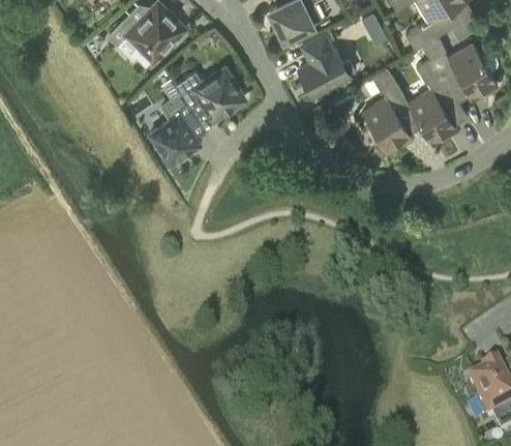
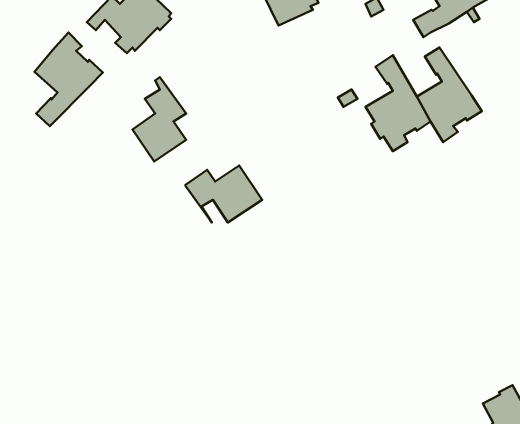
building: [300,35,355,95] -> none
building: [421,37,498,102] -> none
building: none -> [34,33,103,126]
building: [176,67,245,119] -> [186,165,262,223]

